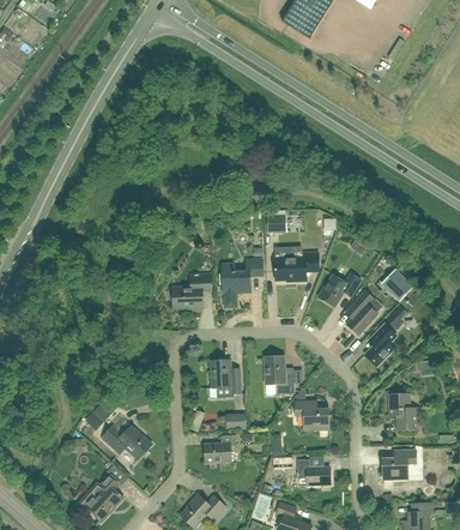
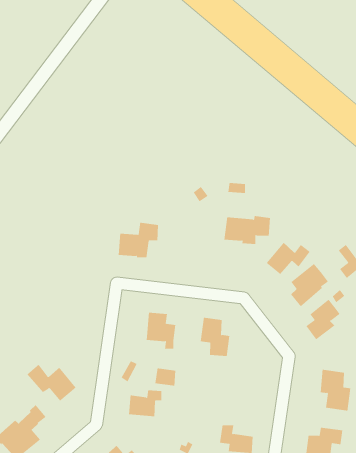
building: [222,258,262,307] -> none
building: [295,399,328,429] -> none

